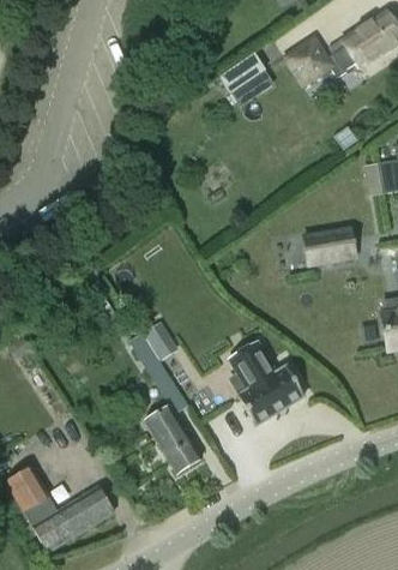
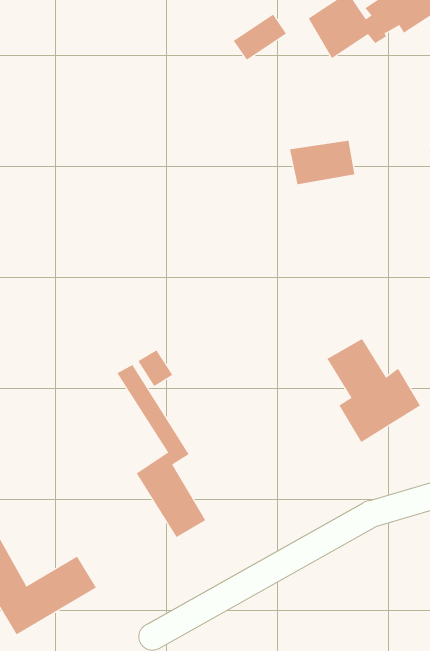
building: [303,229,356,265] -> [289,140,355,185]
building: [227,341,302,425] -> [327,338,421,443]

